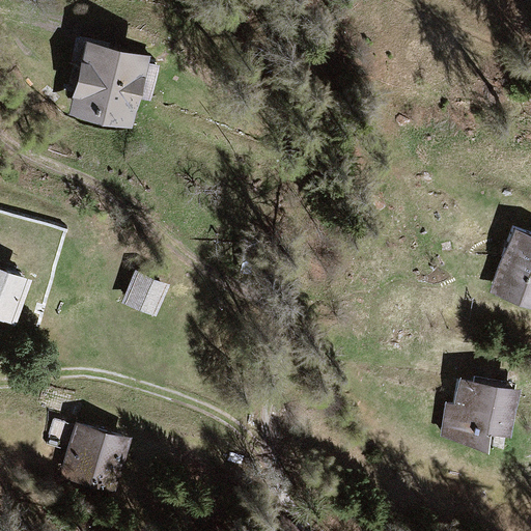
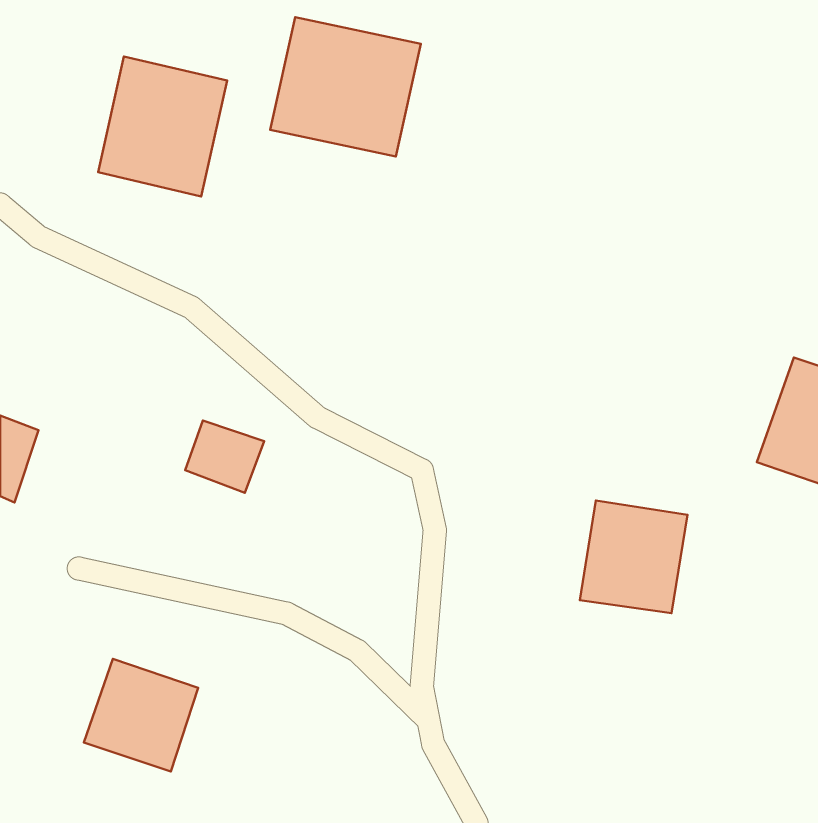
building: none -> [270,17,421,156]
building: [448,379,518,451] -> [580,500,688,613]

